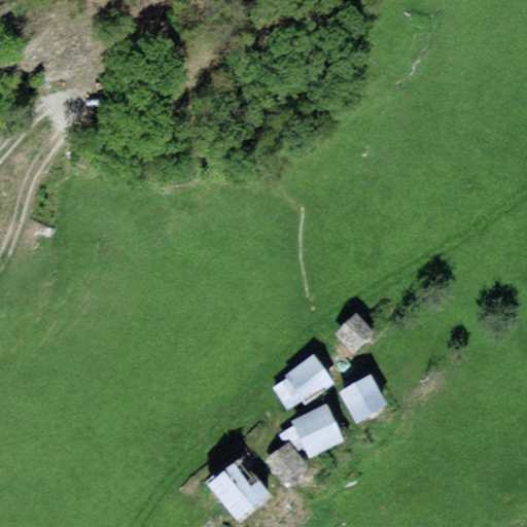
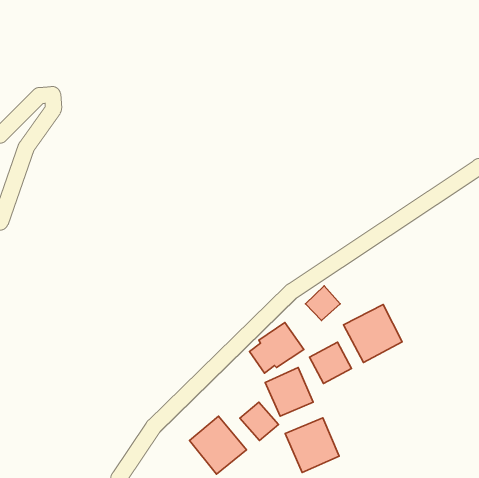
building: none -> [343,304,402,363]
building: none -> [285,418,339,472]

